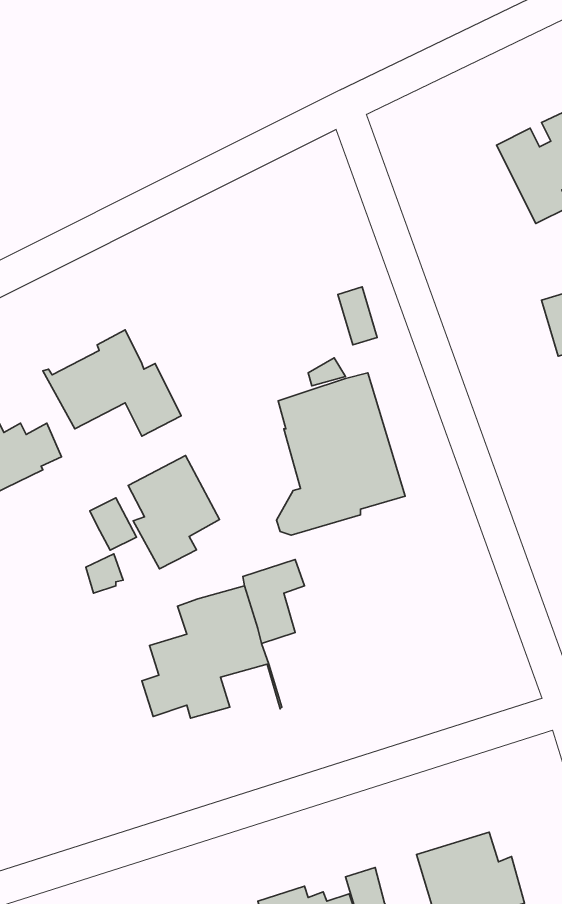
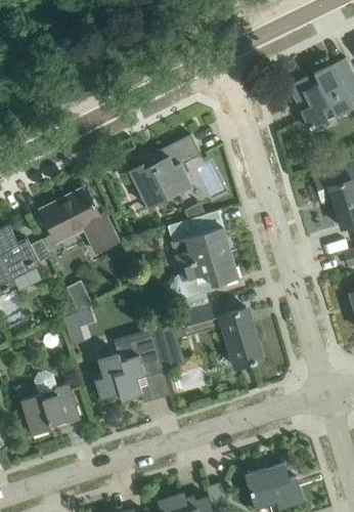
building: none -> [129,135,201,200]
building: [128,456,219,569] -> none
building: none -> [178,303,262,369]
building: none -> [20,372,80,436]

